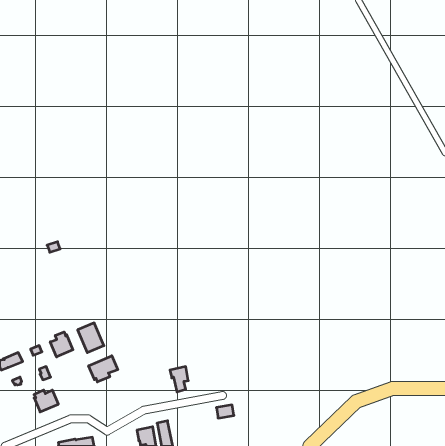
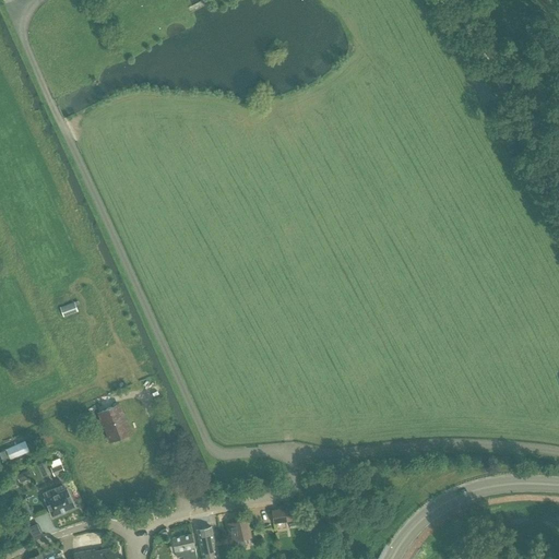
building: [50,332,73,357] -> none
building: [89,356,118,382] -> none
building: [170,367,188,392] -> [226,519,249,550]

